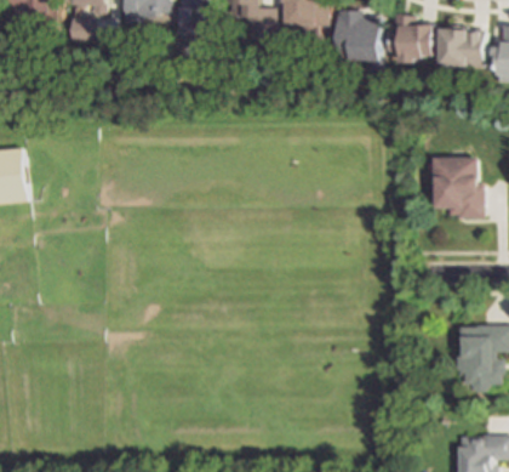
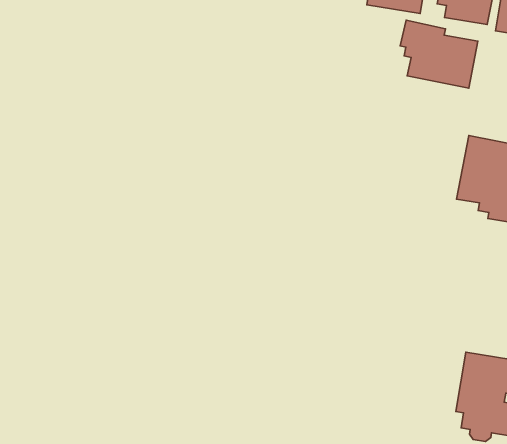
building: none -> [400,20,478,88]

